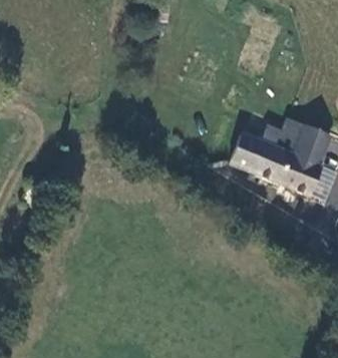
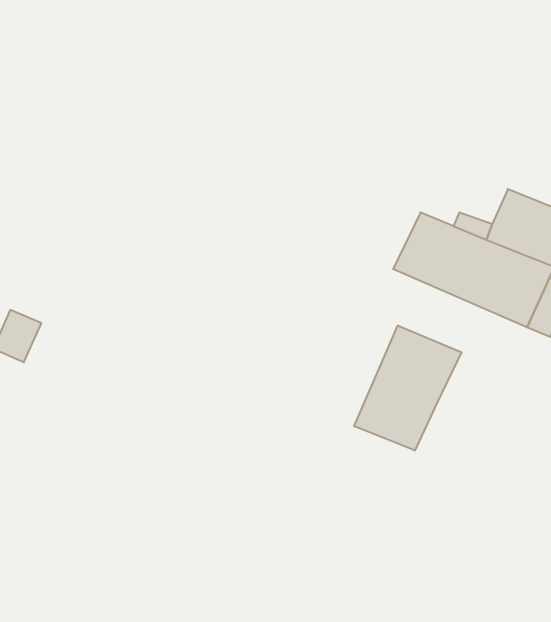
building: none -> [354,325,462,451]

